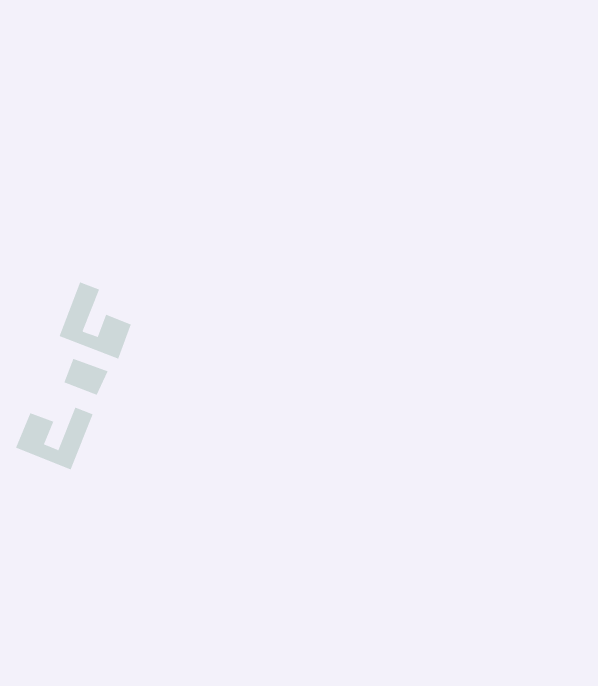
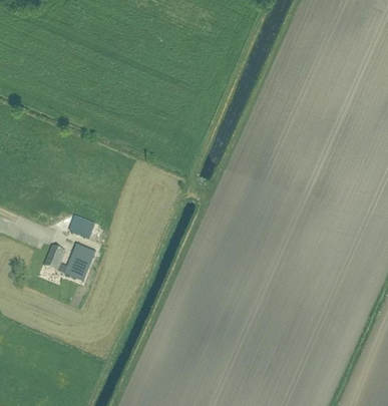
building: [59,281,131,360] -> none

